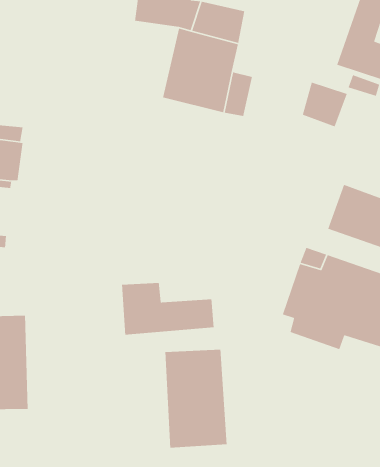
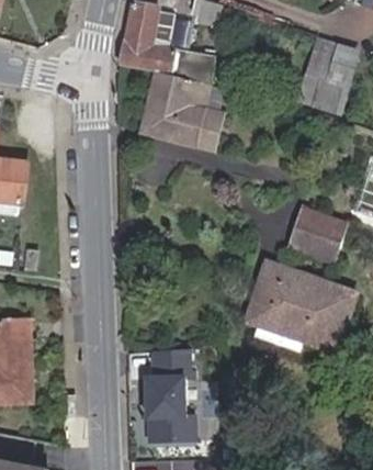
building: [302,82,348,128] -> none
building: [121,282,214,336] -> none

